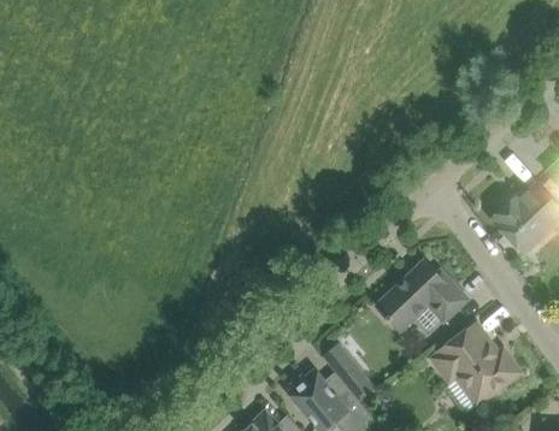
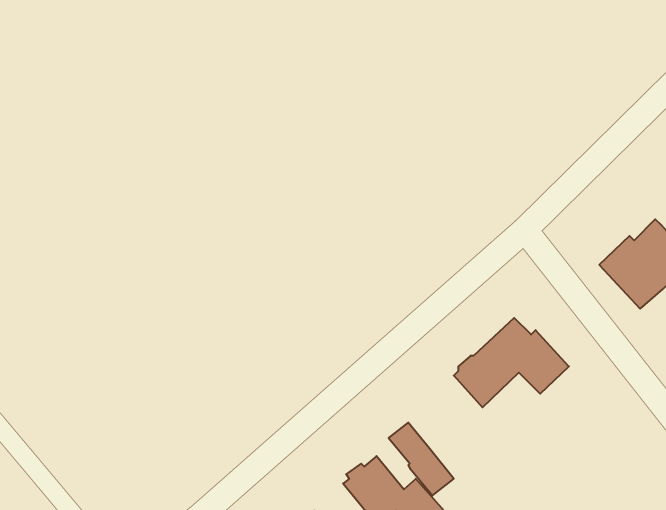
building: [434,325,518,406] -> none

